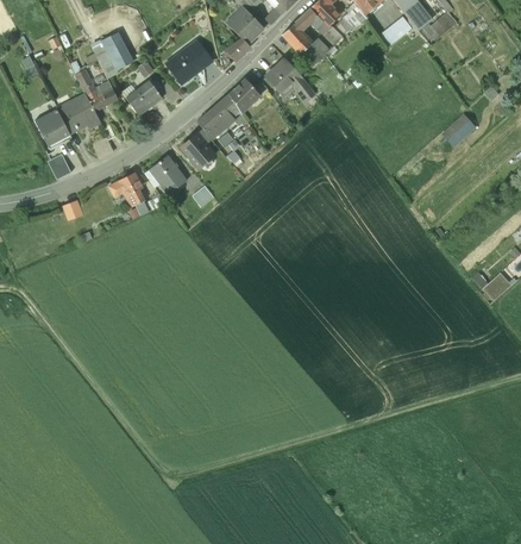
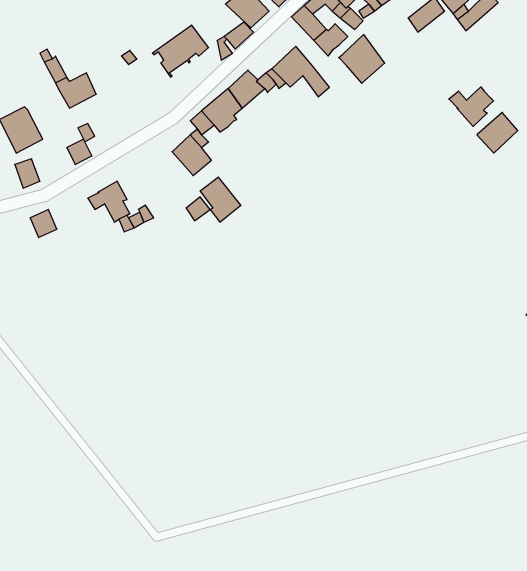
building: [90,30,136,76] -> none
building: none -> [339,35,385,83]
building: [126,81,162,115] -> none
building: none -> [449,87,494,126]
building: [58,94,100,132] -> none
building: [152,156,187,194] -> [200,177,241,222]

